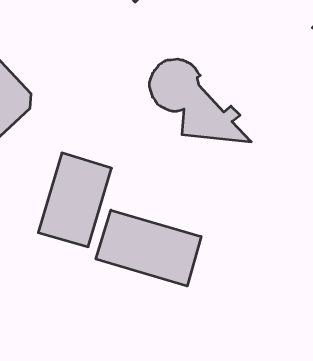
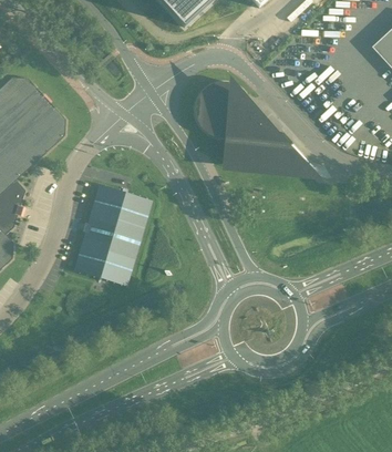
building: [96,210,201,286] -> none

